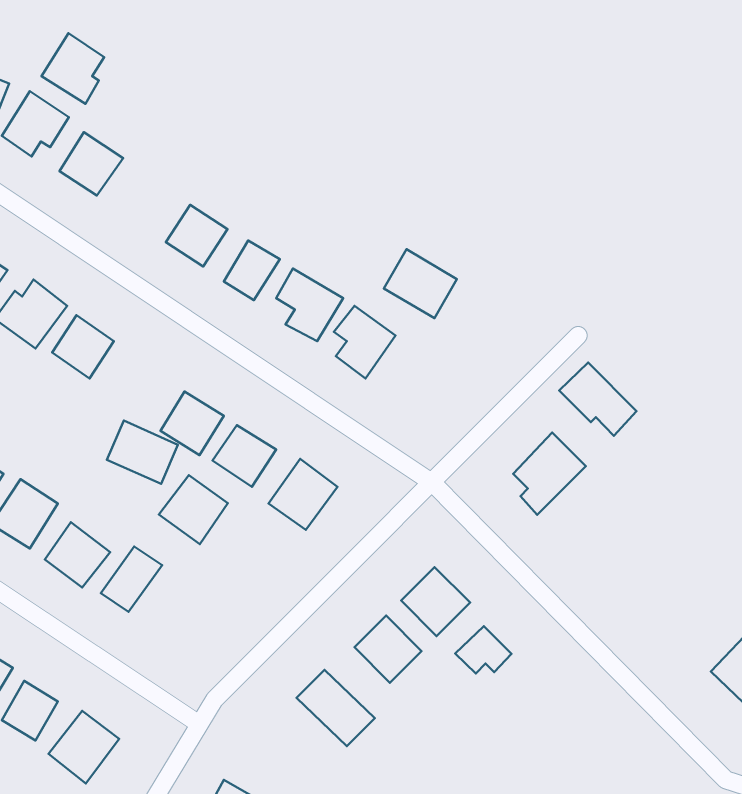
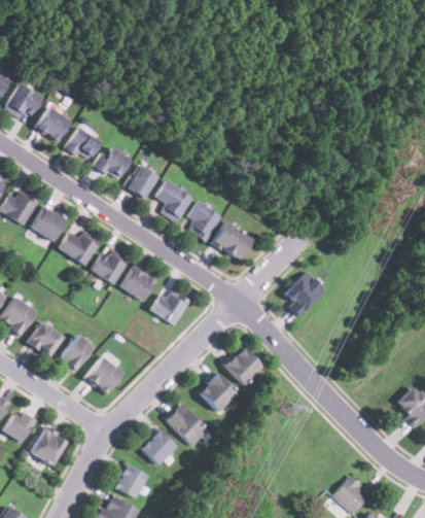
building: [41,33,104,104] -> none
building: none -> [66,127,101,162]
building: [384,249,457,318] -> [212,222,252,261]
building: [559,363,637,436] -> none
building: [107,420,178,484] -> [58,230,97,265]
building: [159,475,228,544] -> [84,355,122,393]
building: [455,626,511,674] -> none
building: none -> [141,427,177,463]

